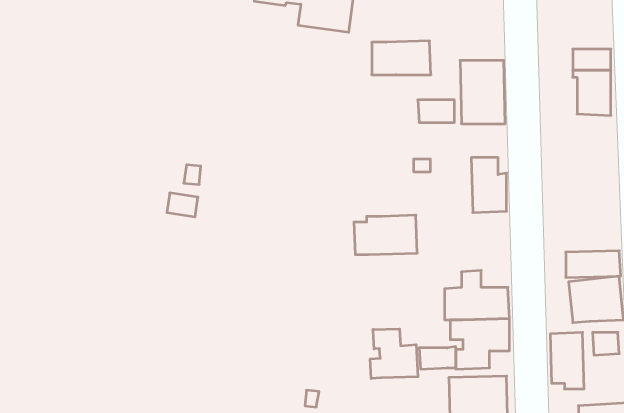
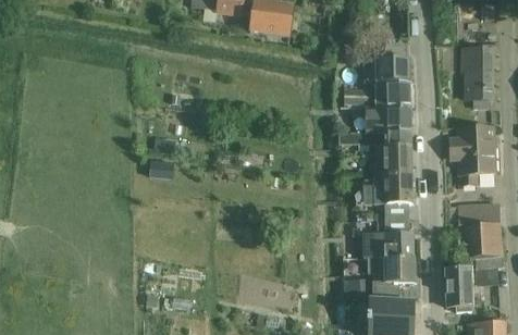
building: [372,41,431,75] -> [366,106,411,132]
building: none -> [449,127,494,184]
building: [354,215,417,255] -> [363,173,412,203]
building: [370,329,418,379] -> none

